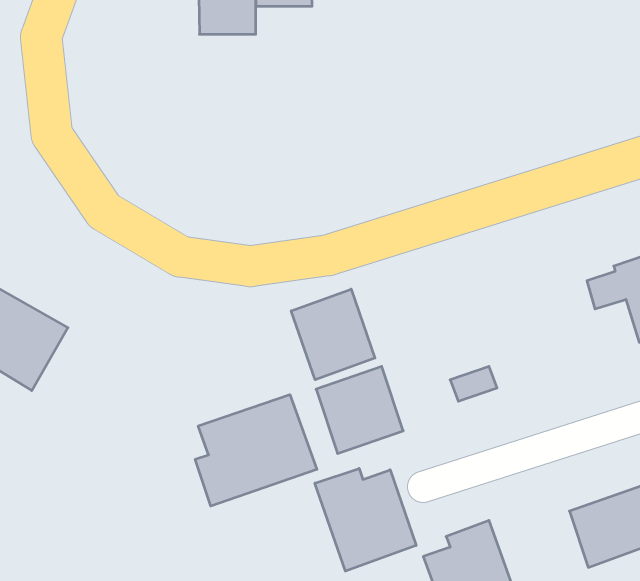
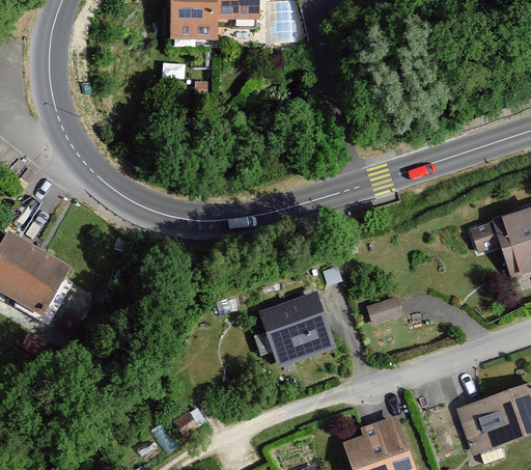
building: [291,289,375,380] -> none
building: [195,395,317,506] -> none
building: [315,468,416,571] -> none

